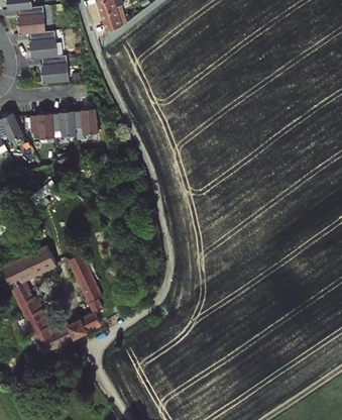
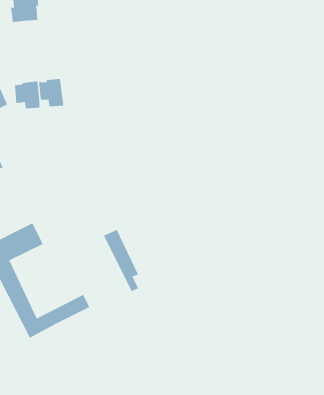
building: [38,56,66,84] -> none
building: [74,109,99,135] -> none
building: [69,253,102,312] -> [103,229,139,292]

